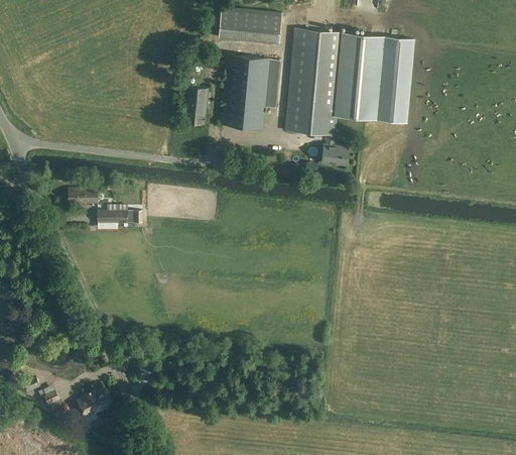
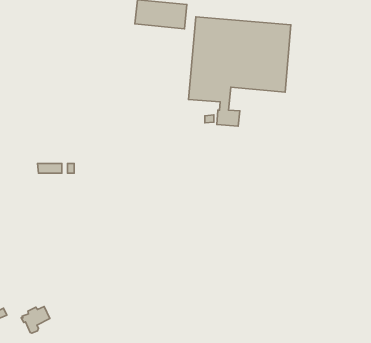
building: [222,55,280,130] -> none
building: [183,87,209,123] -> none
building: [70,189,99,204] -> none

